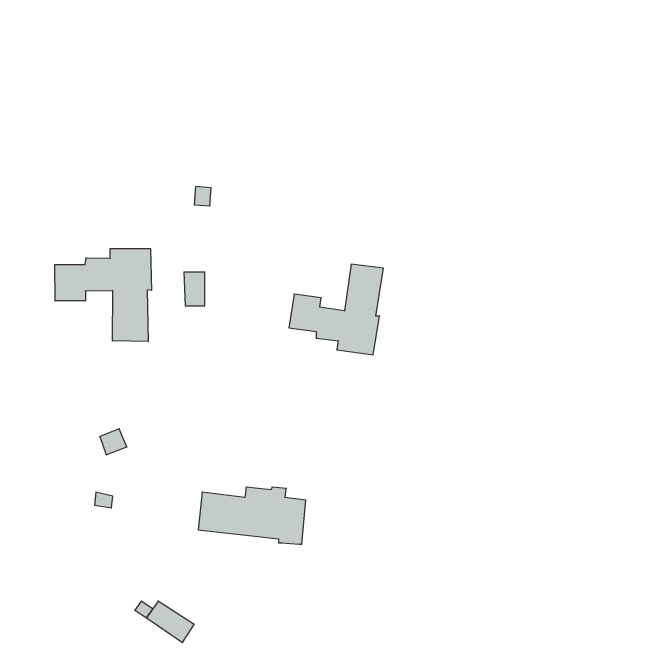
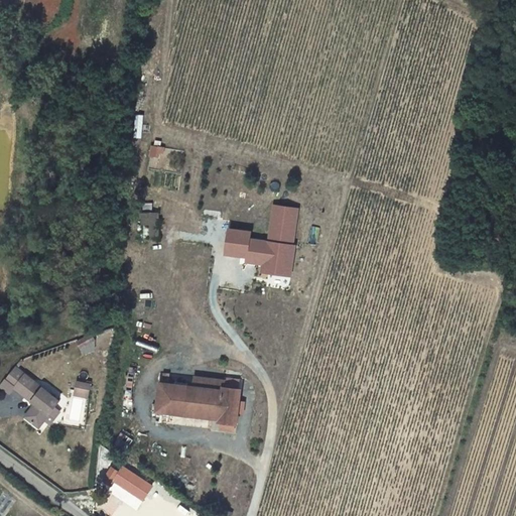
building: [55,249,151,342] -> none
building: none -> [4,369,59,430]

